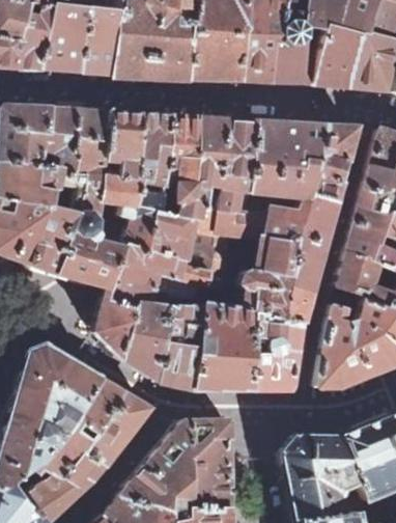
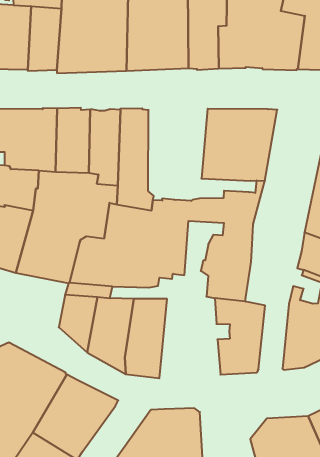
building: [193,119,257,213] -> none
building: [283,127,356,322] -> none
building: [193,304,254,388] -> none

